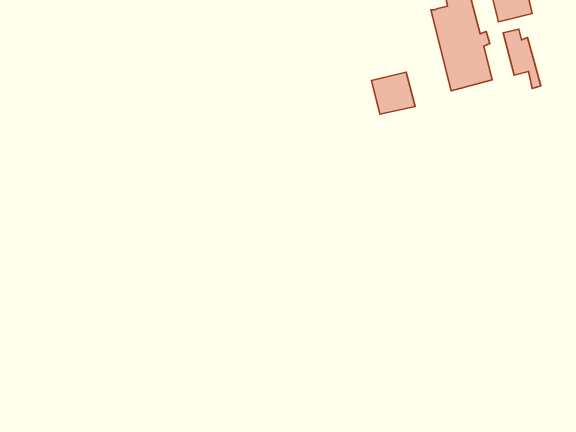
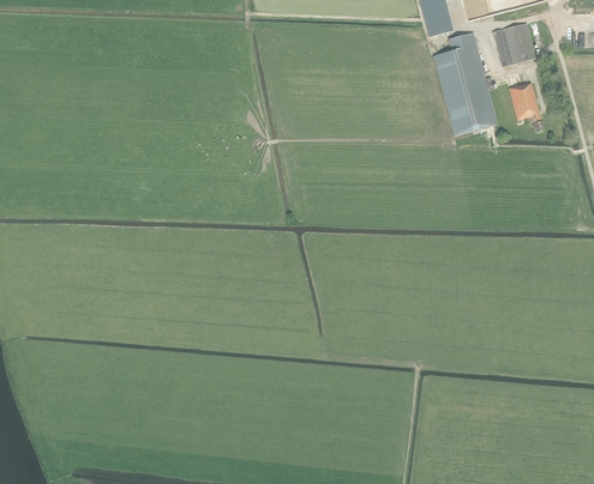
building: [371,72,415,114] -> none

